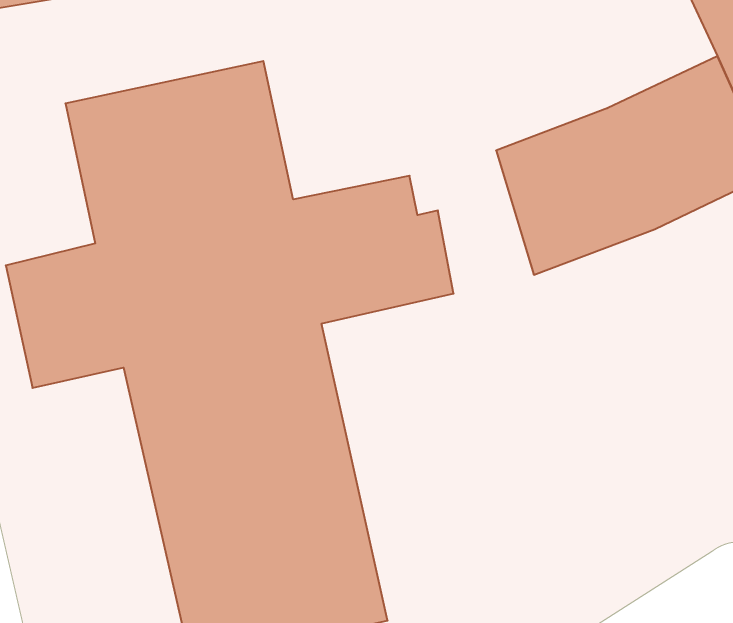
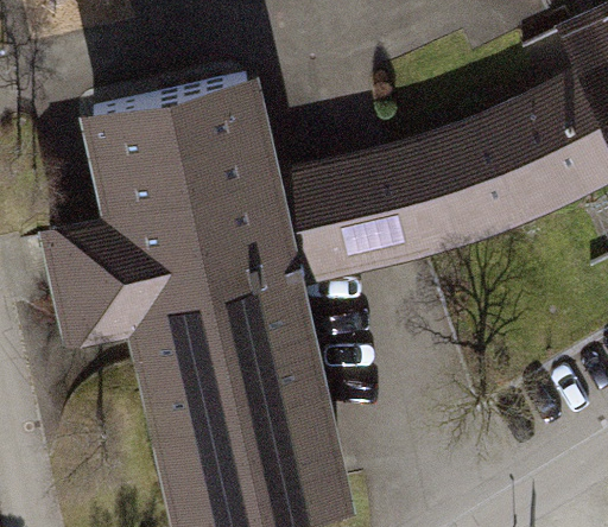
building: none -> [357,145,451,253]

